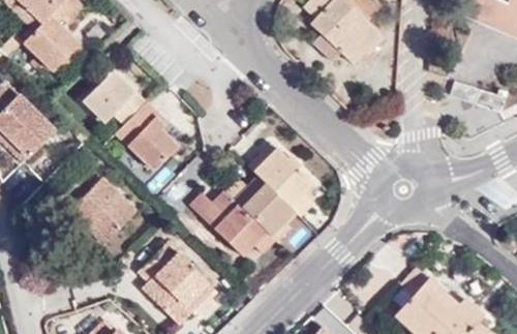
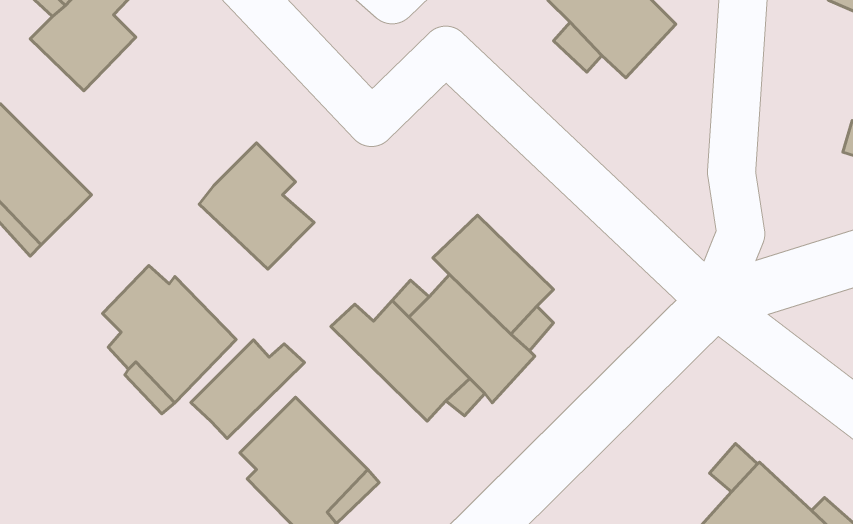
building: [83,68,148,124] -> none
building: none -> [191,340,305,439]

